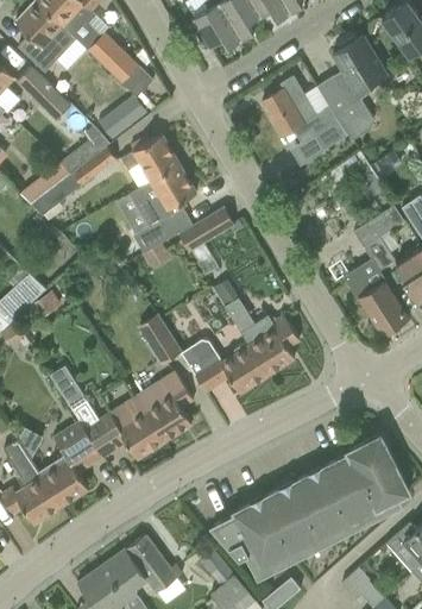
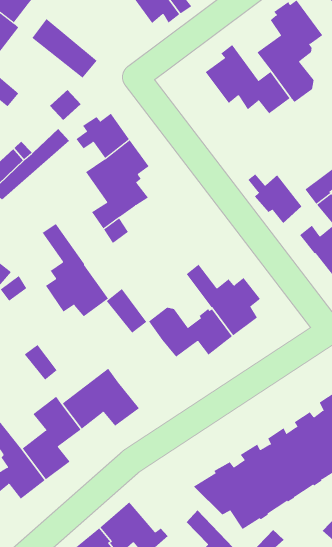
building: [178,206,234,251] -> none
building: none -> [247,174,302,224]
building: none -> [42,223,109,317]
building: [136,372,191,440] -> none

